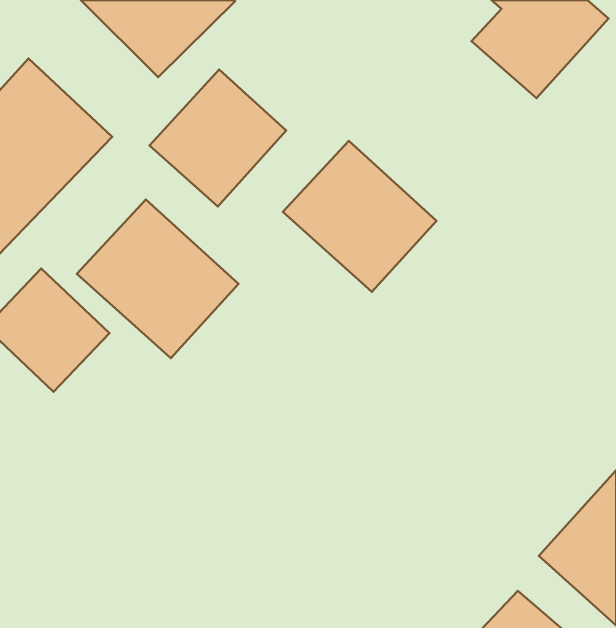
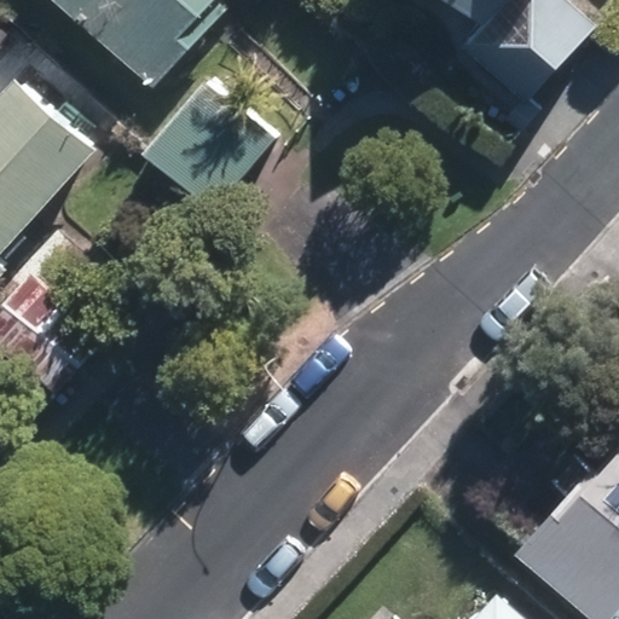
building: [283,141,437,292] -> none
building: [77,200,238,358] -> none

